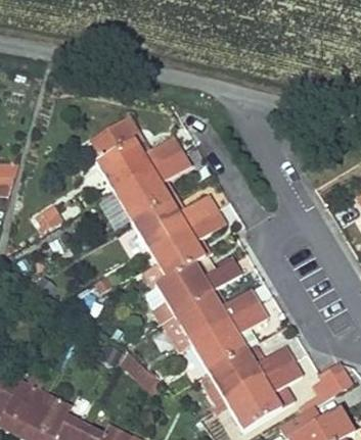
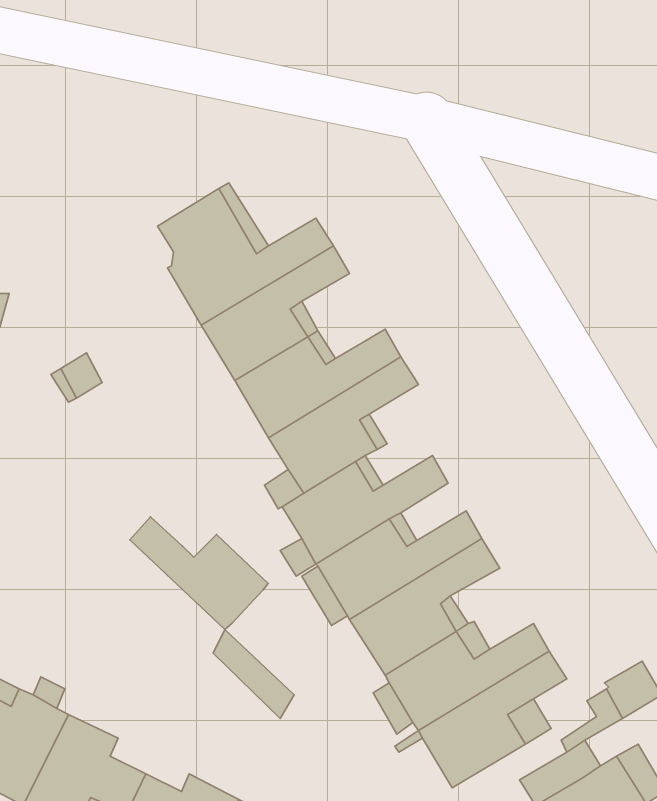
building: none -> [130,517,268,630]

